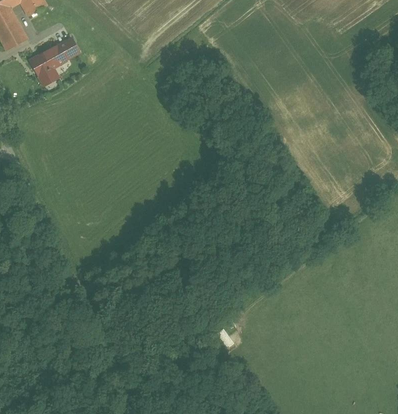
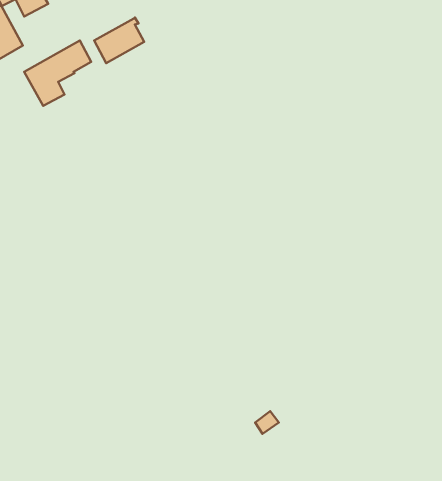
building: none -> [94,17,144,63]

